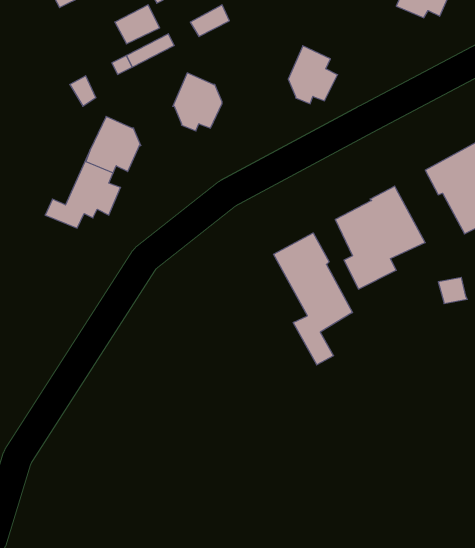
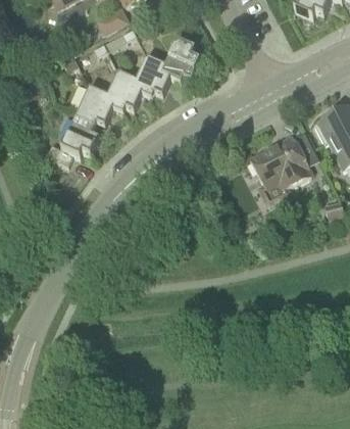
building: [288,46,338,104] -> [165,39,200,80]
building: none -> [107,69,142,110]
building: [274,233,353,365] -> none

